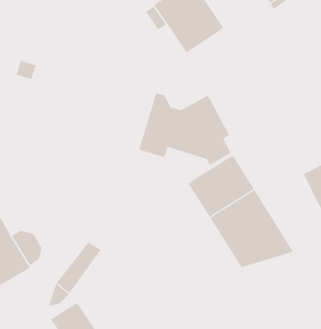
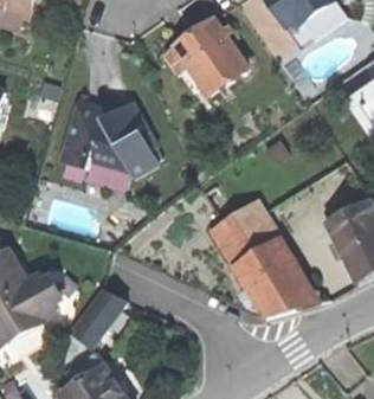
building: [138,93,231,166] -> [59,101,155,176]

